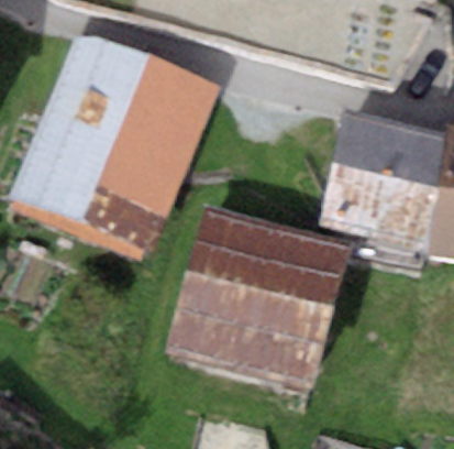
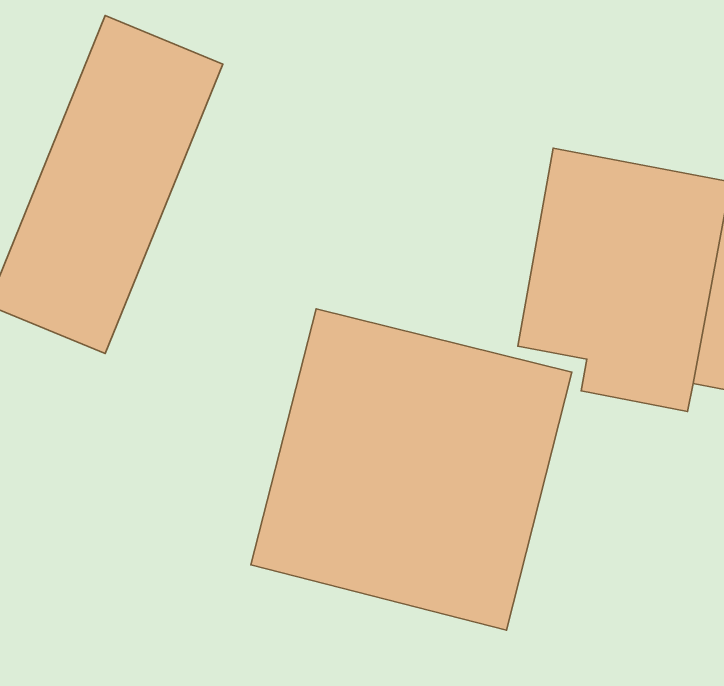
building: [78,58,215,256] -> none

